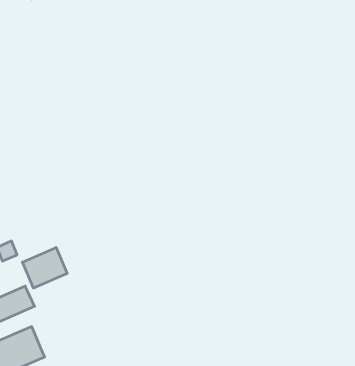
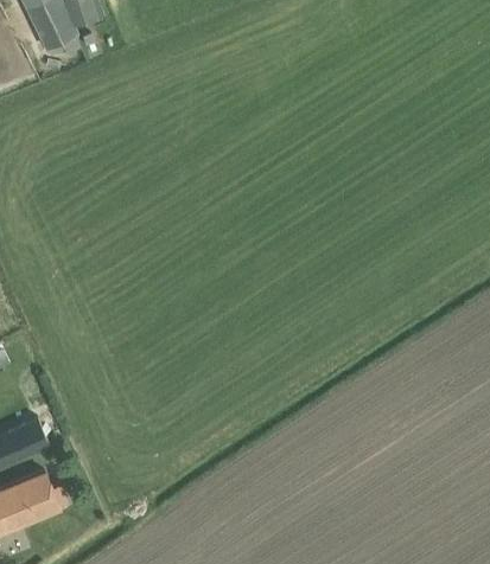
building: [22,247,67,288] -> none

